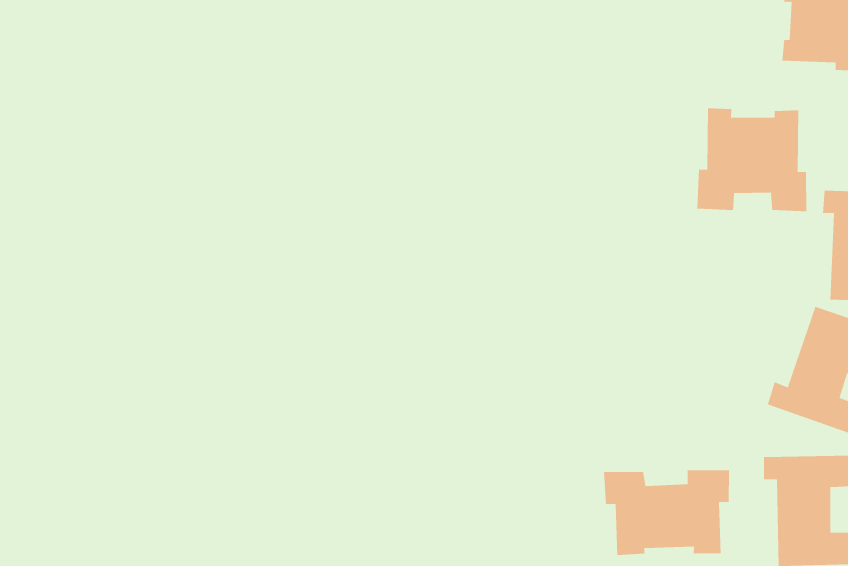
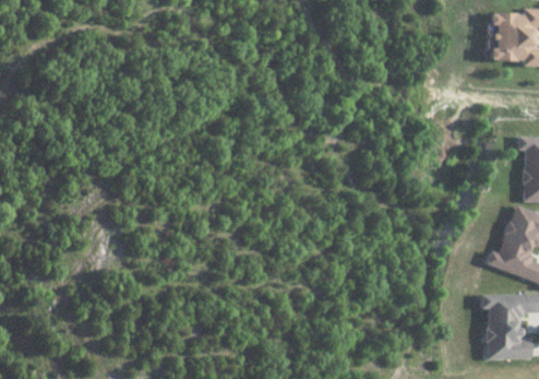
building: [696,107,807,212] -> none
building: [603,469,730,556] -> none

